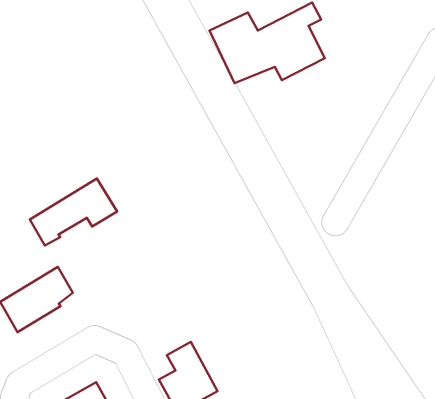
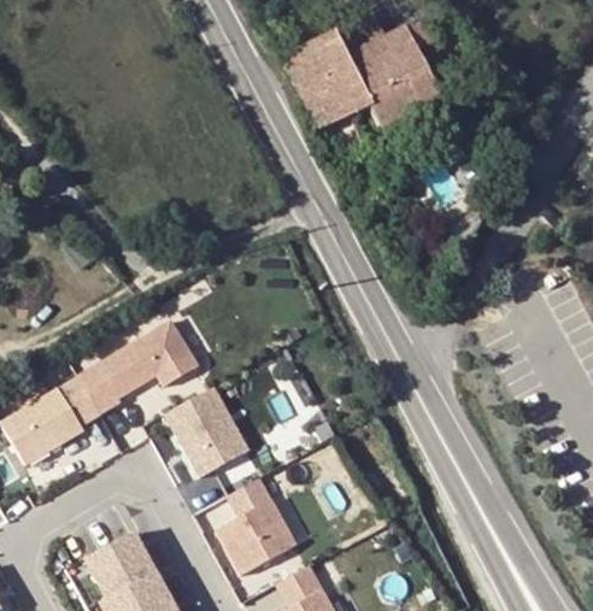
building: [30,178,117,245] -> [80,321,198,411]
building: none -> [164,386,247,476]

